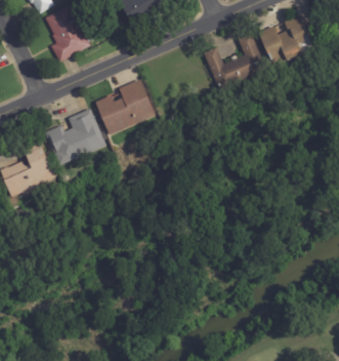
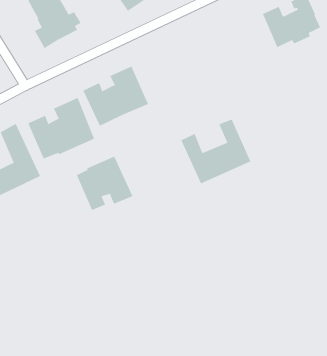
building: [203,33,267,92] -> [180,119,251,184]
building: none -> [76,156,133,211]

